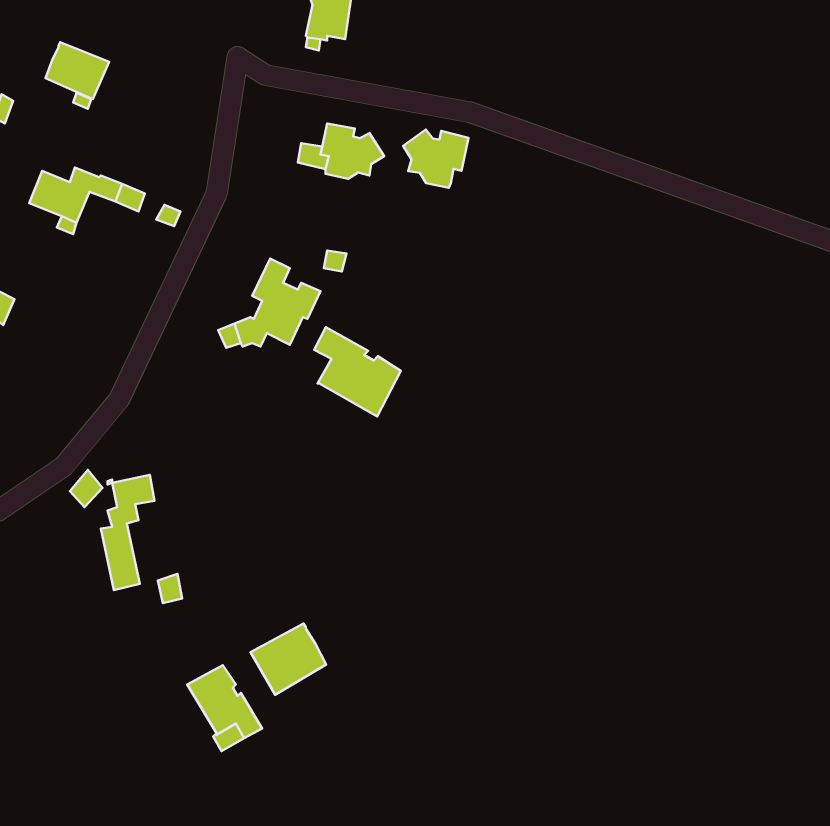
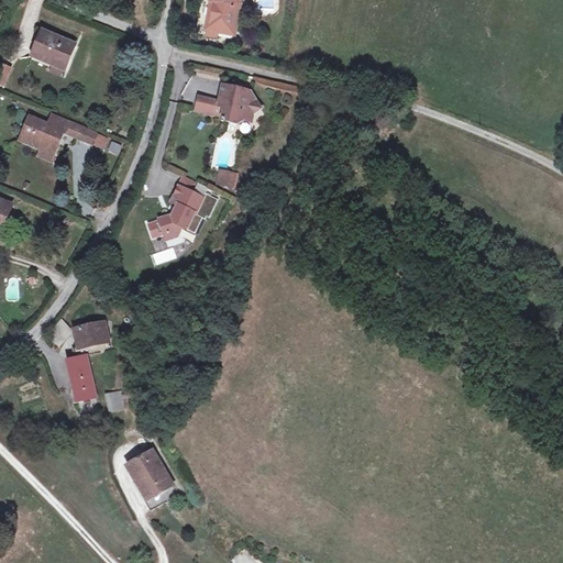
building: [403,130,469,188] -> none
building: [314,327,401,416] -> none
building: [250,624,326,695] -> none

